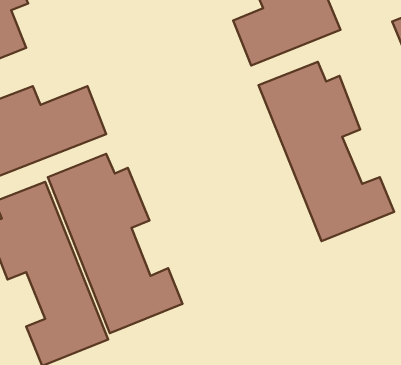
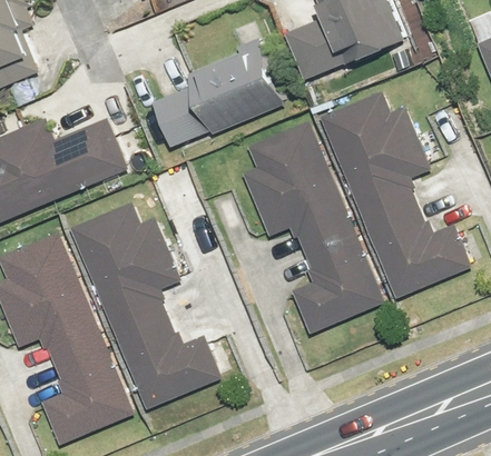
building: none -> [149,46,285,149]
building: none -> [240,119,385,337]

